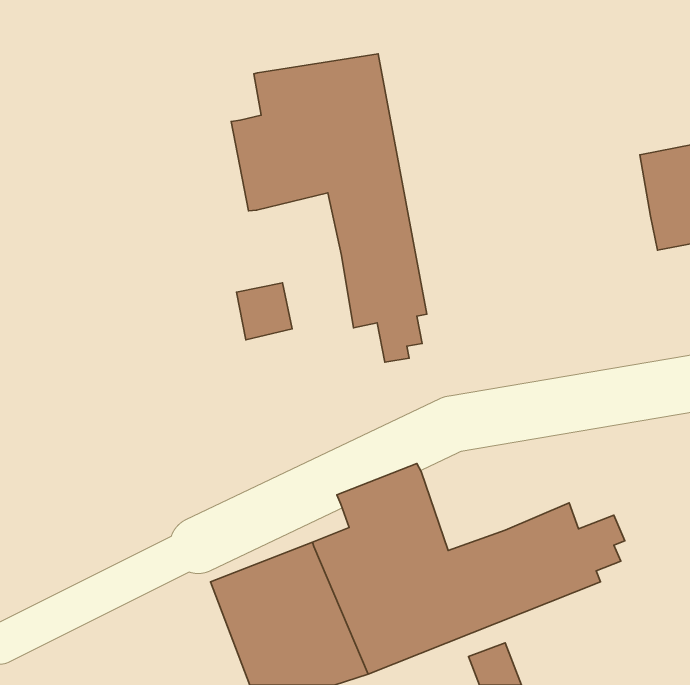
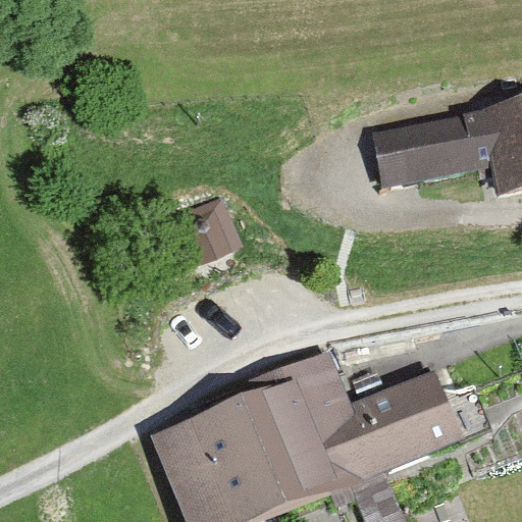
building: [231,54,427,362] -> none
building: none -> [374,116,491,182]

